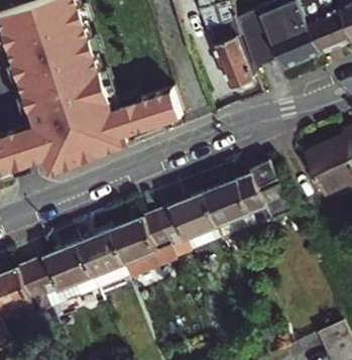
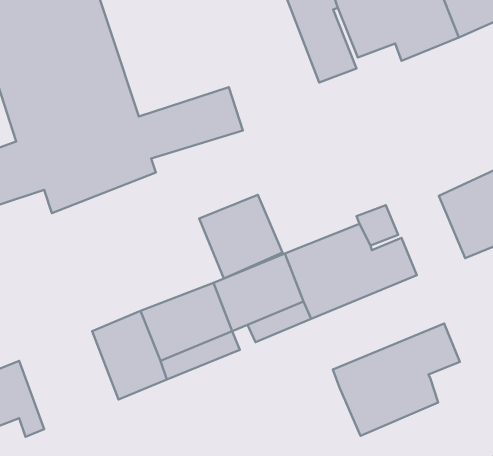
building: none -> [199,195,282,279]
building: none -> [333,323,460,436]
building: [31,244,96,308] -> none

